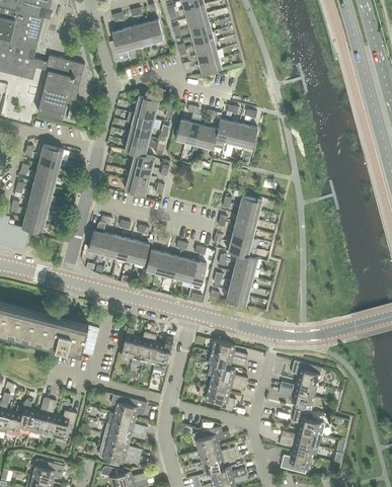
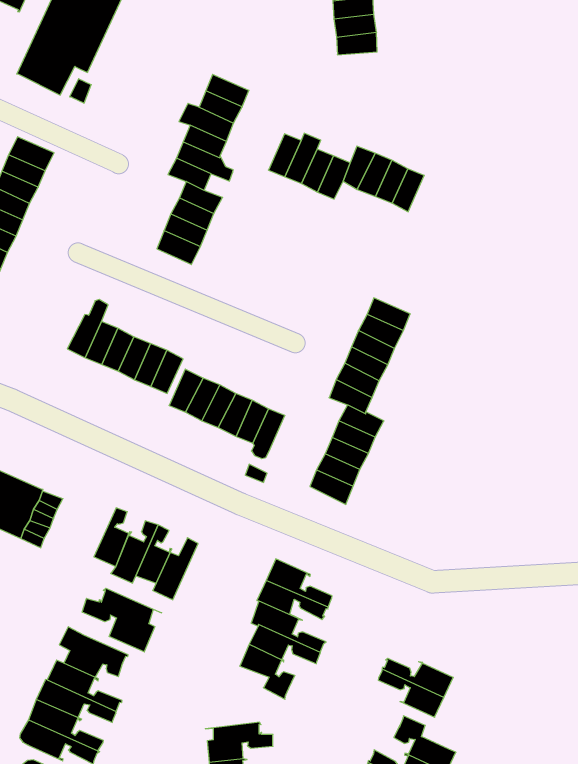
building: [290,360,320,386] -> none
building: none -> [82,588,162,652]

